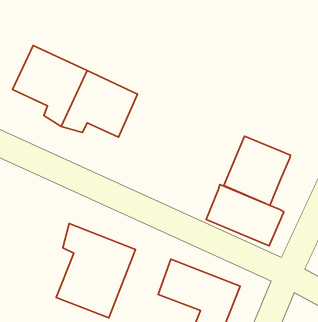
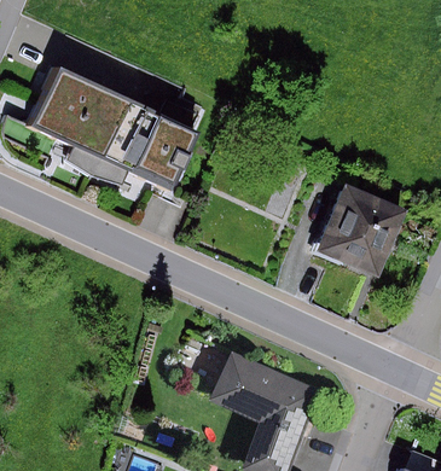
building: [206,185,284,246] -> none
building: [56,224,136,318] -> none

